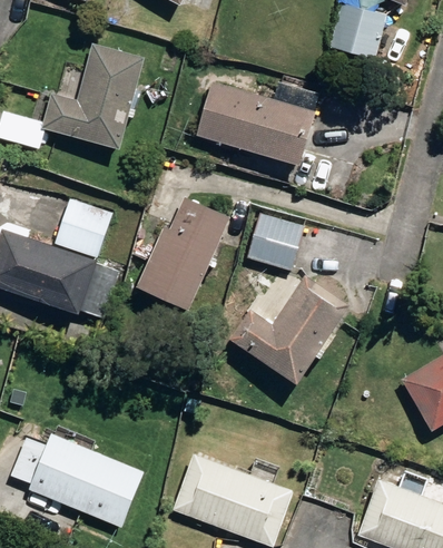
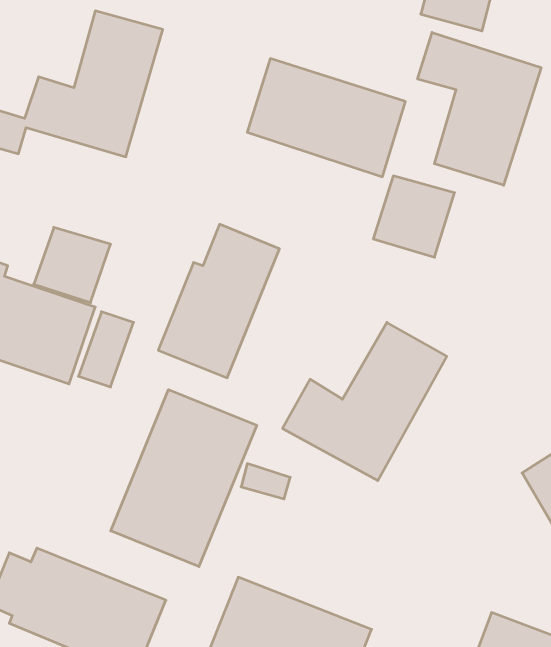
building: none -> [418,32,541,185]
building: [244,214,303,273] -> [373,176,455,257]
building: none -> [111,390,257,567]

